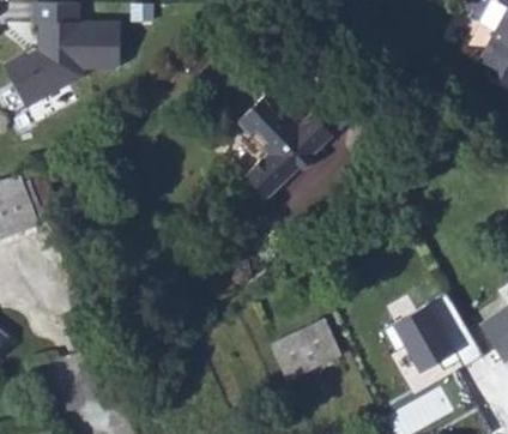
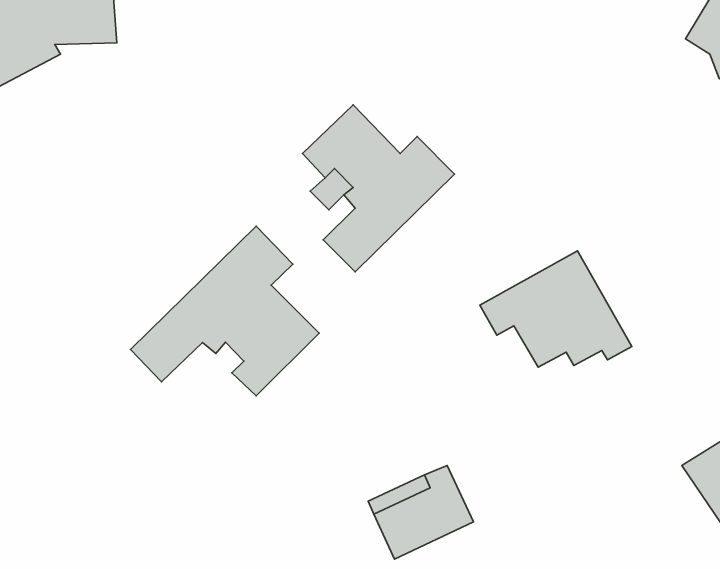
building: none -> [130,226,319,396]
building: [380,288,477,362] -> [480,251,632,367]

